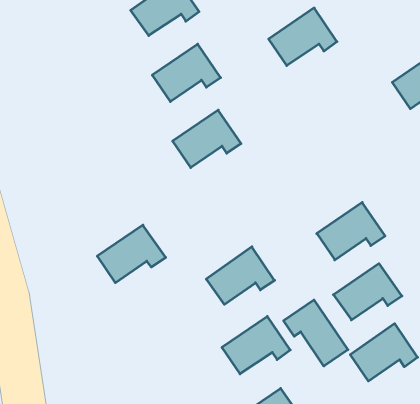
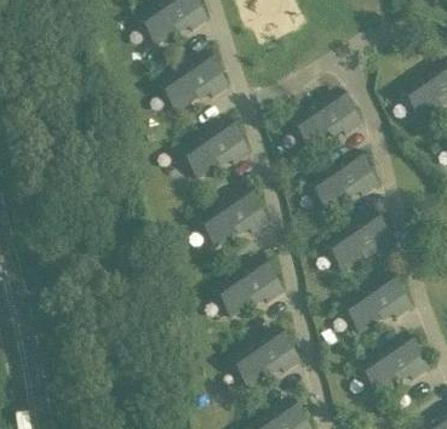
building: [269,8,337,66] -> [296,91,365,149]
building: none -> [313,153,382,210]
building: [97,225,166,283] -> [202,189,271,247]
building: [284,300,348,366] -> none

